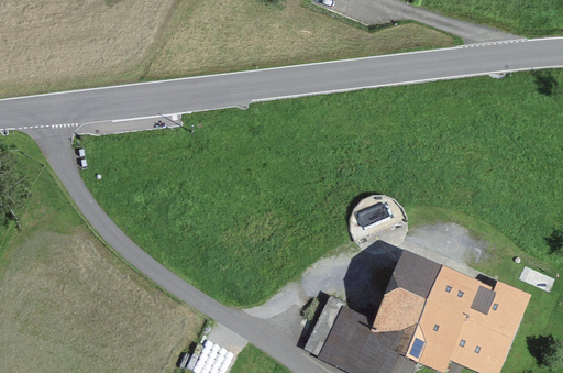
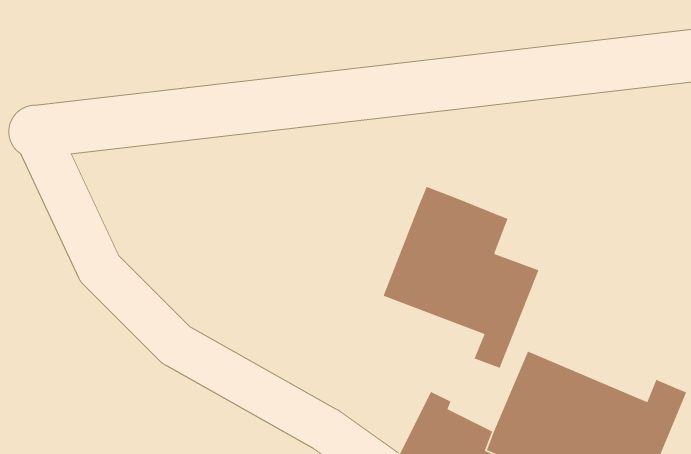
building: none -> [383,186,539,369]

